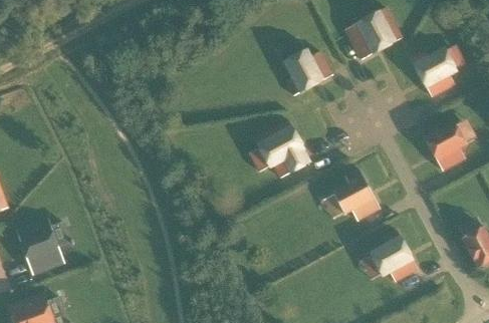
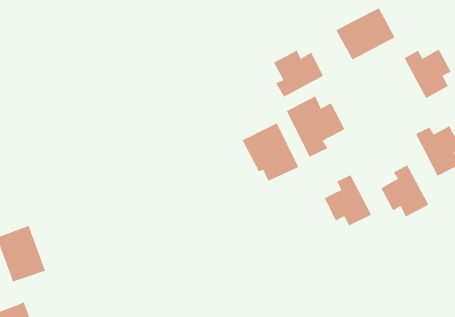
building: none -> [286,95,345,157]
building: [371,230,418,281] -> [381,164,429,217]

